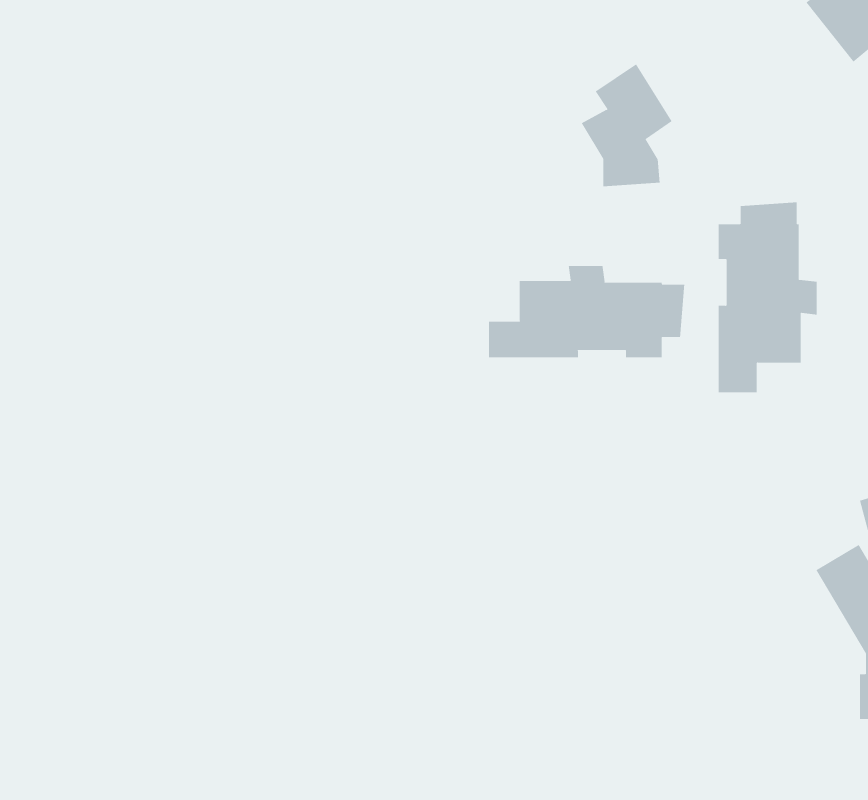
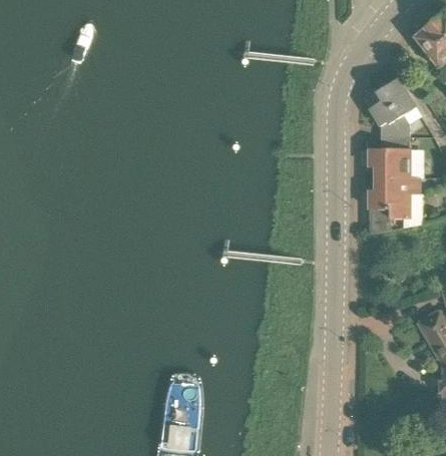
building: [581,64,672,187] -> [369,77,415,139]
building: [489,265,685,358] -> none

